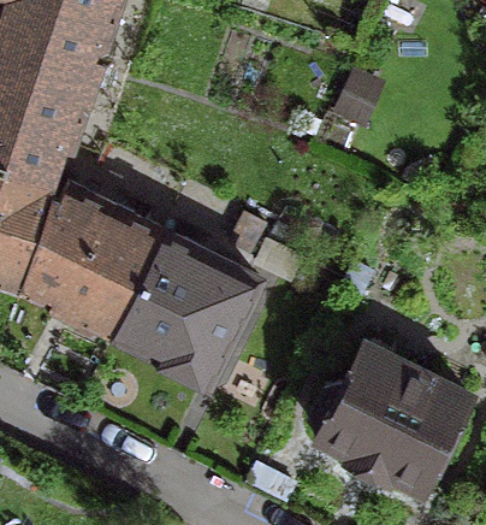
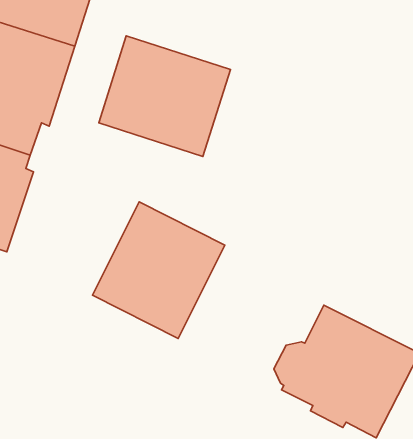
building: none -> [99,36,230,157]
building: [23,188,166,338] -> none

